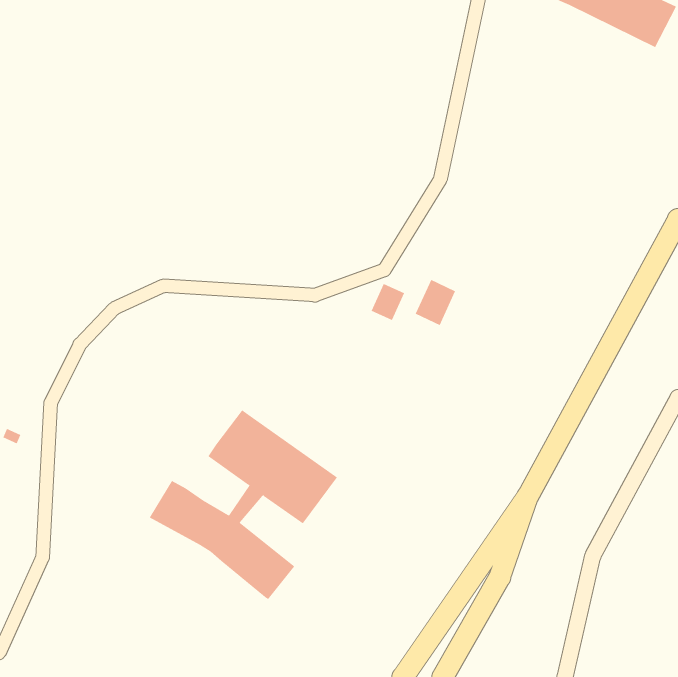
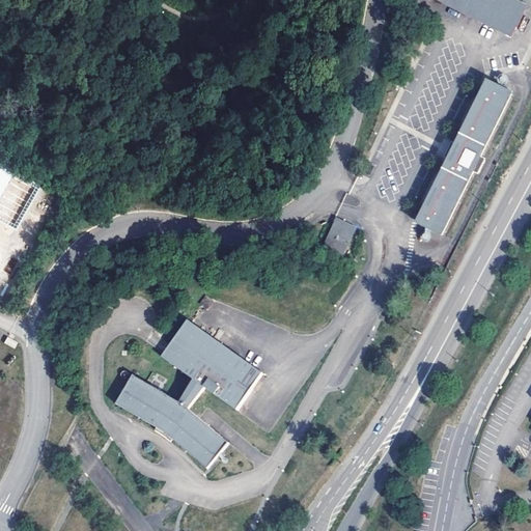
building: none -> [412,77,511,234]
building: [371,283,405,321] -> none

